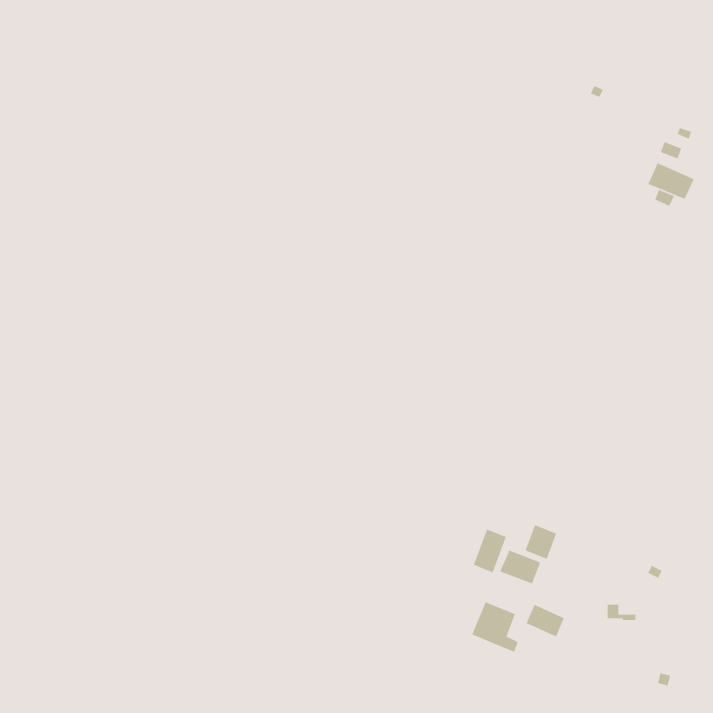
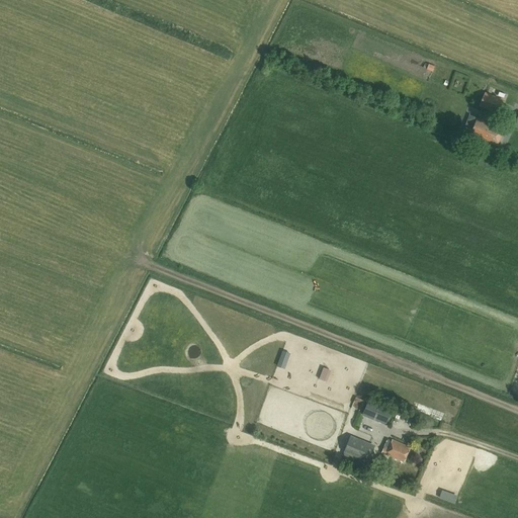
building: [524,524,557,560] -> none
building: [473,528,507,573] -> none

